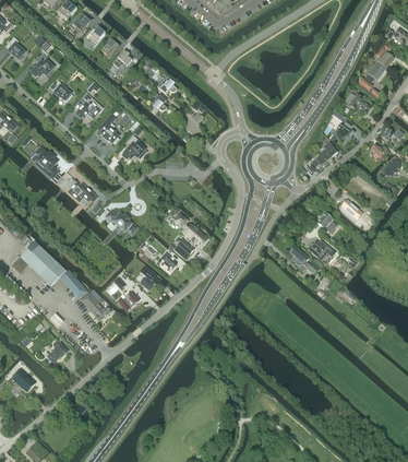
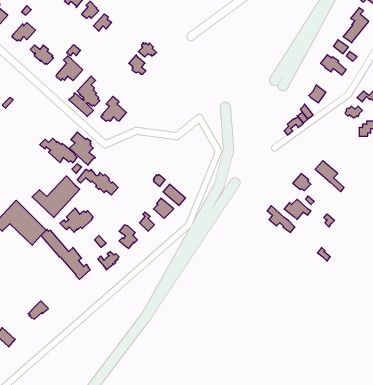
building: [34,145,60,179] -> [70,132,95,165]
building: none -> [32,176,80,218]
building: none -> [60,208,93,232]

